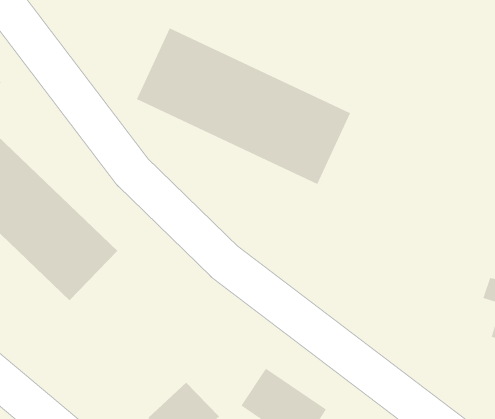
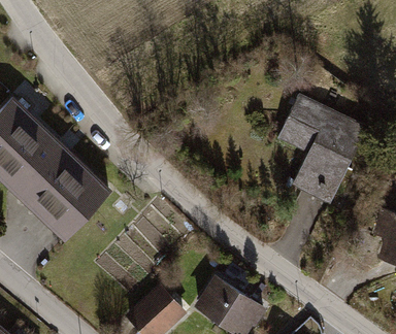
building: [136,28,351,185] -> none
building: none -> [279,97,366,201]

